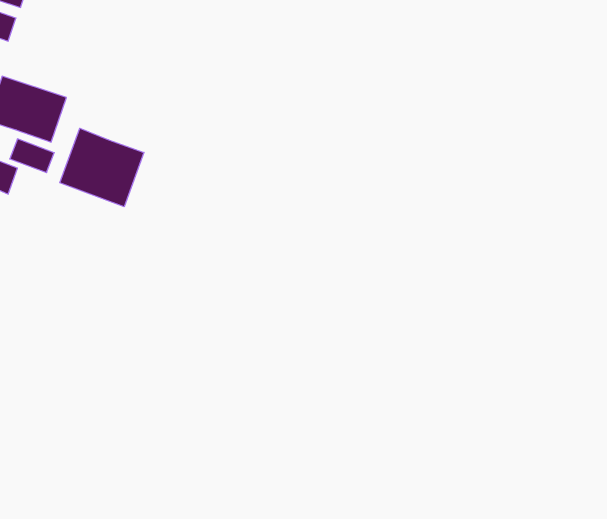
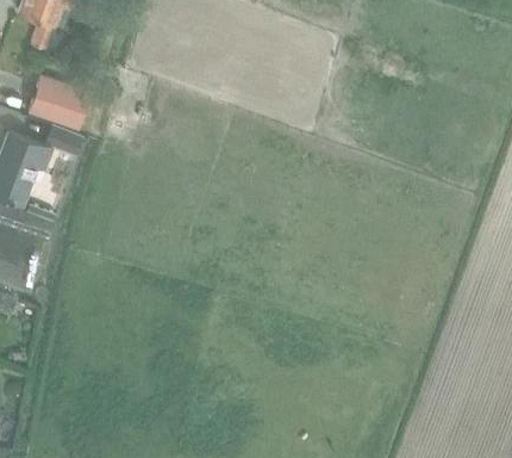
building: [60,128,144,207] -> none

